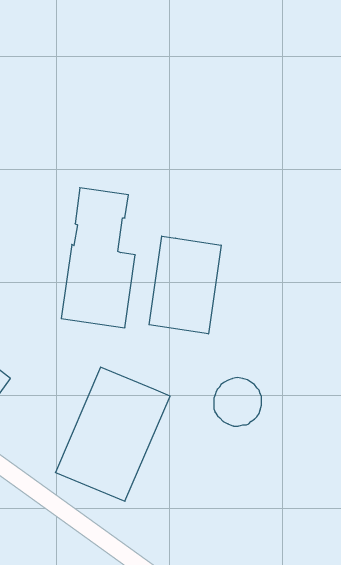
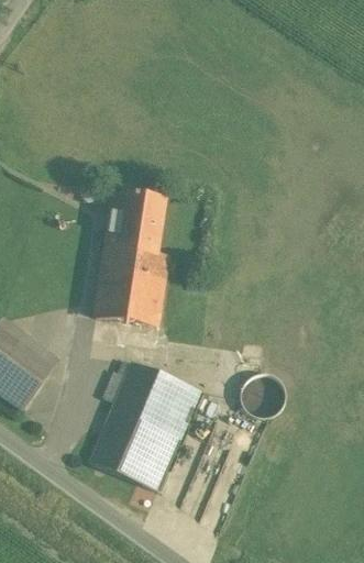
building: [149,236,221,334] -> none

